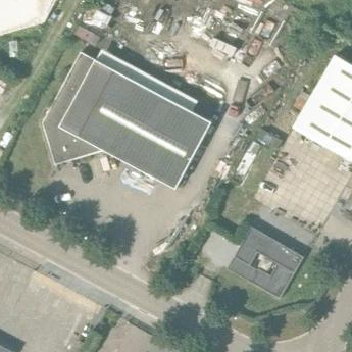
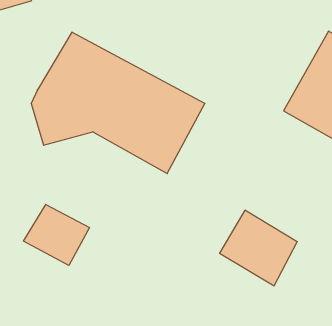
building: none -> [24,204,89,265]

